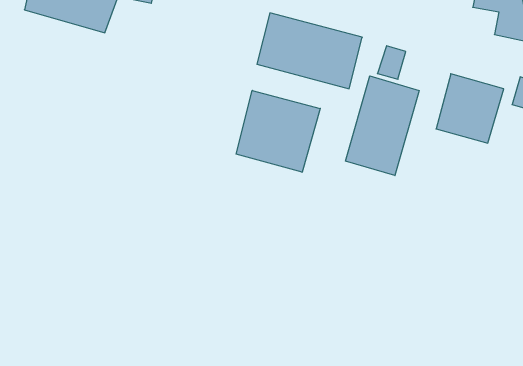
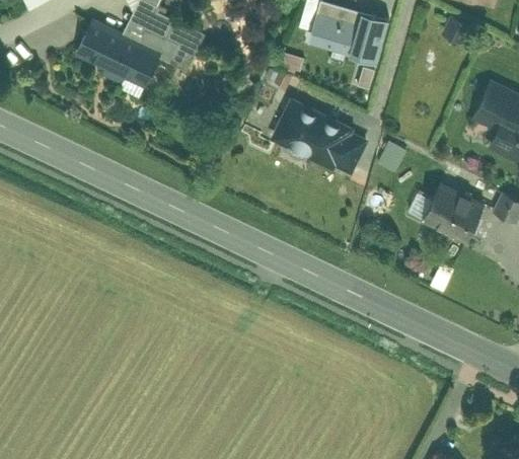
building: [346,76,419,176] -> none
building: [236,90,320,172] -> none

